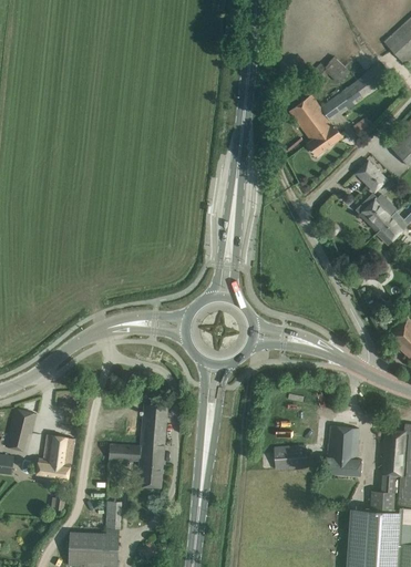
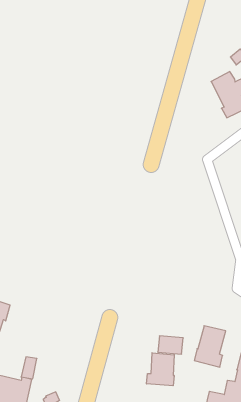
building: [109,405,167,487] -> none
building: none -> [147,353,174,386]

